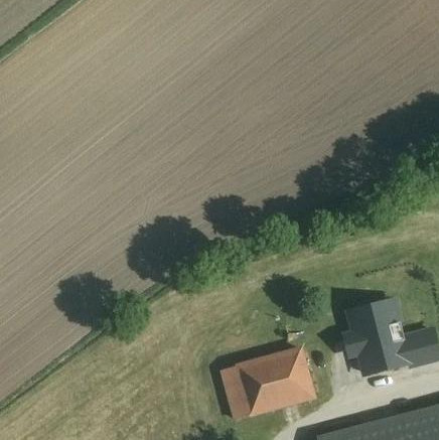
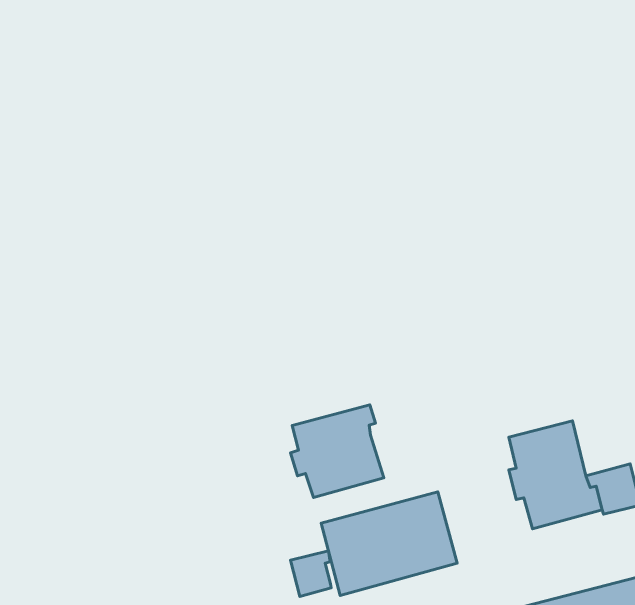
building: none -> [291,405,384,498]
building: none -> [290,551,331,596]

